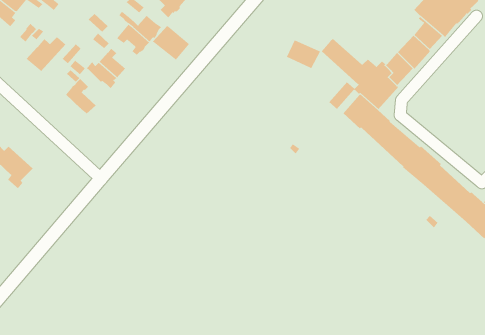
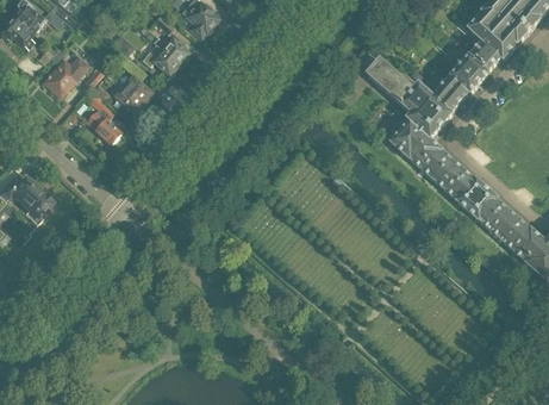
building: [152,25,190,60] -> none
building: [286,39,321,69] -> none

